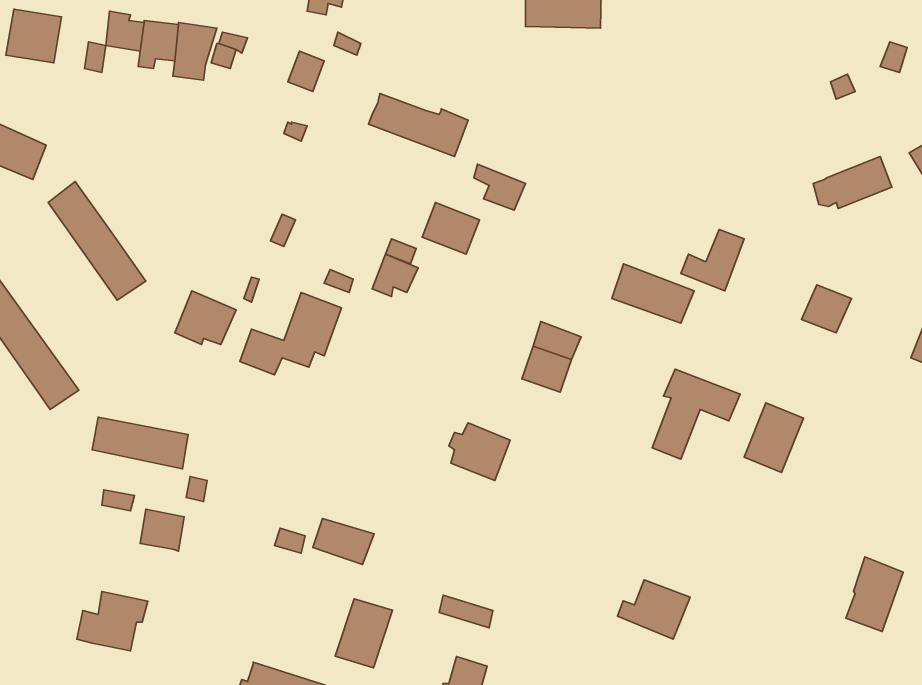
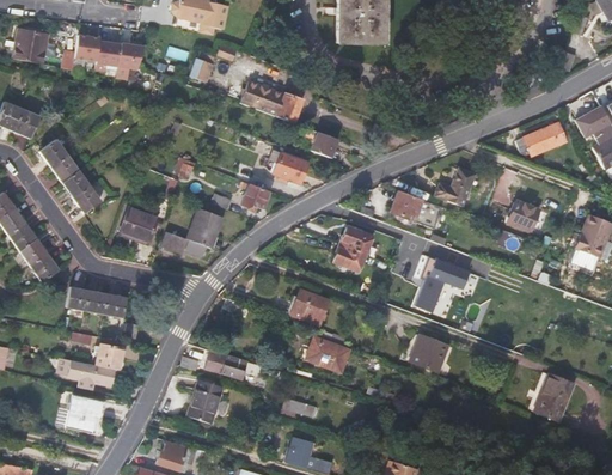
building: [744,403,803,472] -> none
building: none -> [306,336,349,372]
building: none -> [61,359,117,390]
building: [617,580,690,639] -> [403,335,448,372]
building: [335,599,393,668] -> [188,379,224,422]

